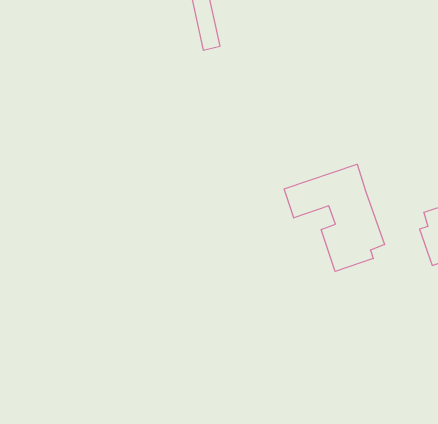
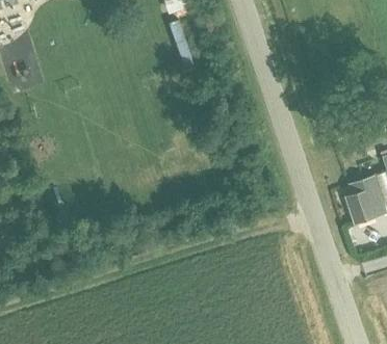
building: [284,164,385,271] -> none

